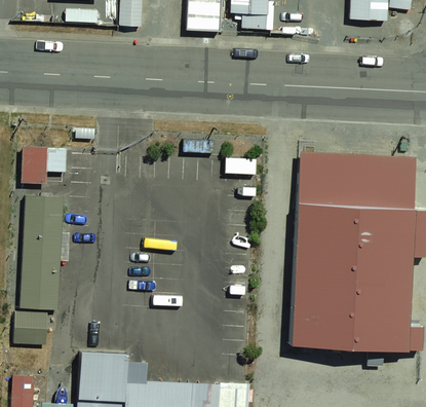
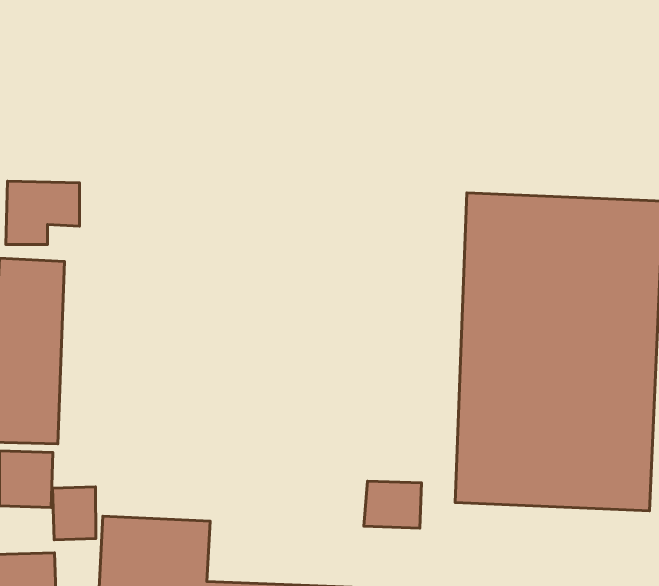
building: none -> [364,481,422,528]
building: none -> [53,487,96,540]

